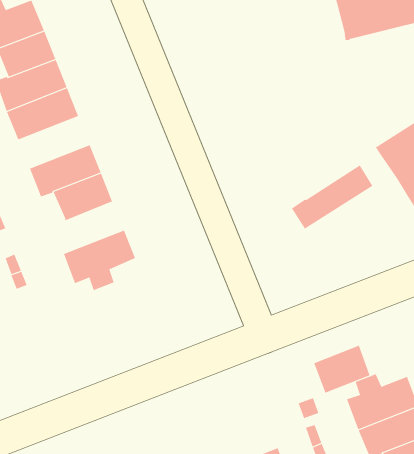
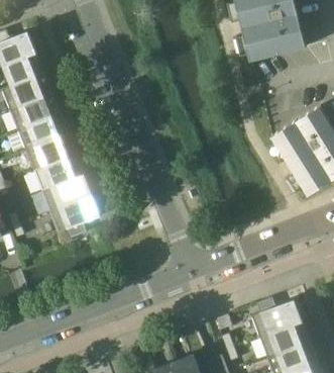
building: none -> [18,114,70,152]
building: [291,165,373,230] -> none
building: none -> [42,175,94,212]
building: [314,345,371,394] -> none

